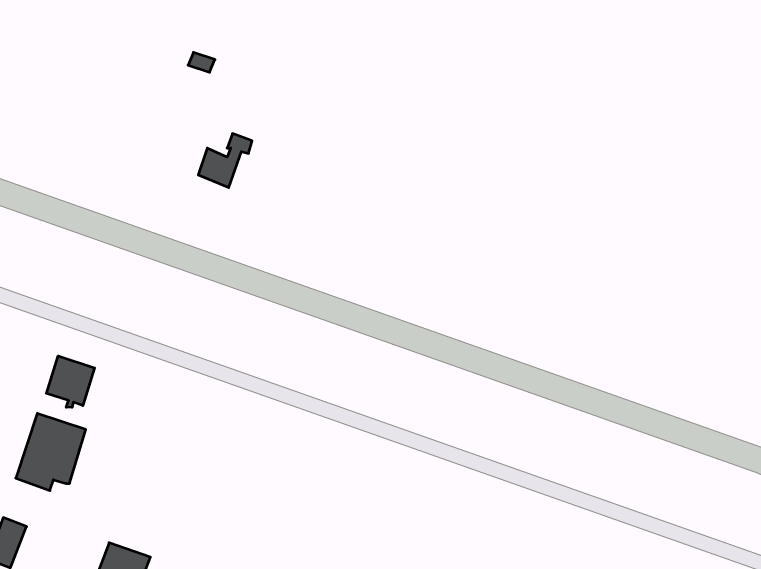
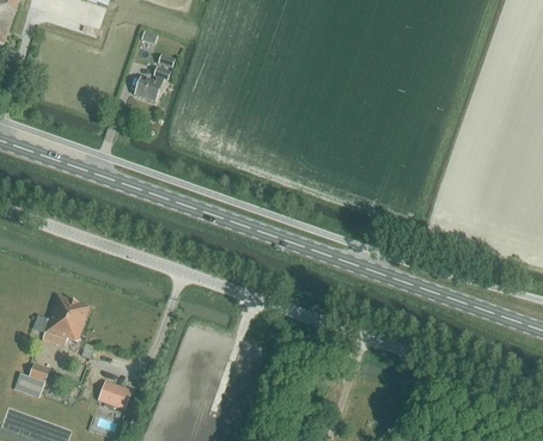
building: [198,134,252,188] -> [134,66,170,102]
building: [46,356,95,407] -> none

